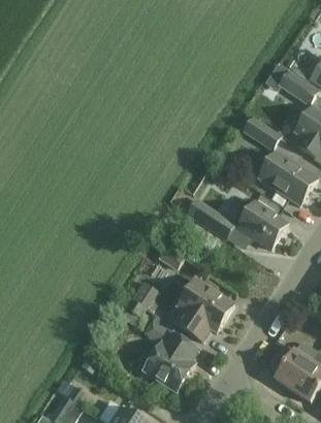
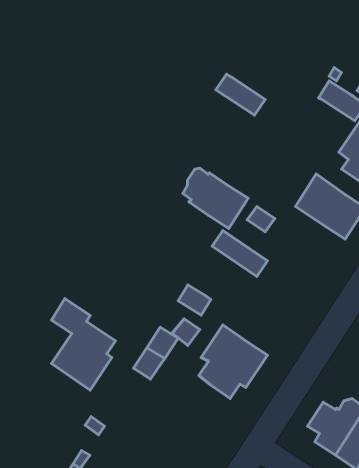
building: [238,113,281,149] -> [216,74,265,115]
building: [232,197,288,249] -> [183,168,248,229]
building: [143,314,198,392] -> [51,298,115,390]

